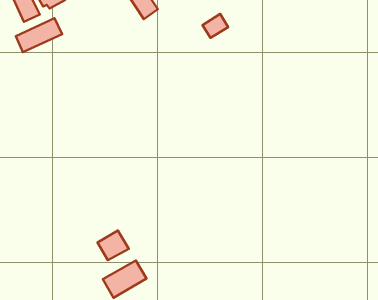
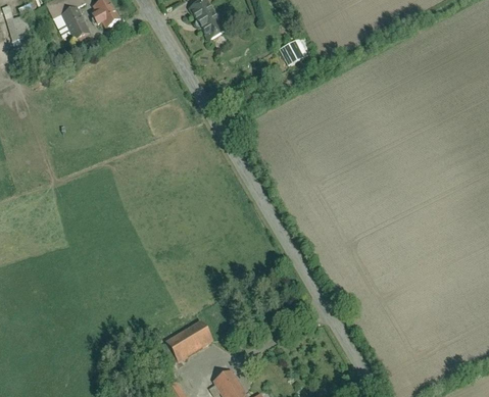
building: [16,18,62,52] -> none
building: [97,230,129,260] -> none

